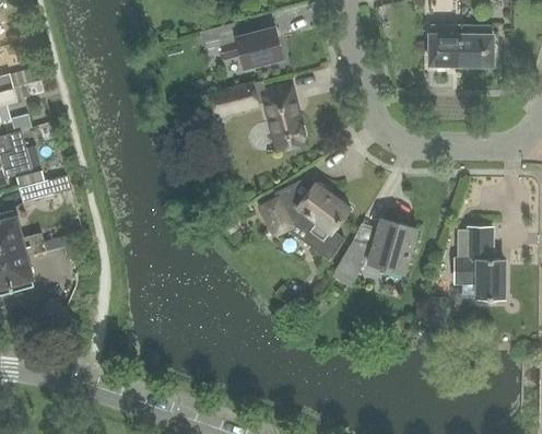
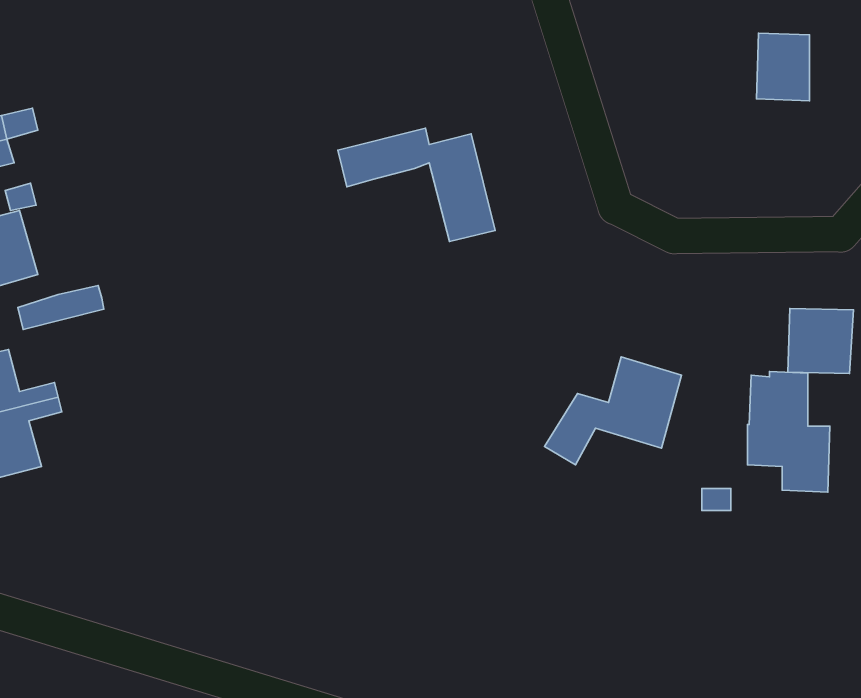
building: [200,24,283,69] -> none
building: [429,25,462,64] -> none
building: [259,185,349,259] -> none
building: none -> [788,309,854,374]

